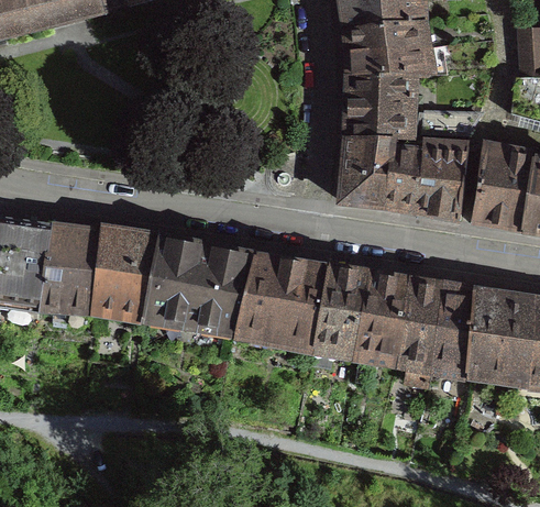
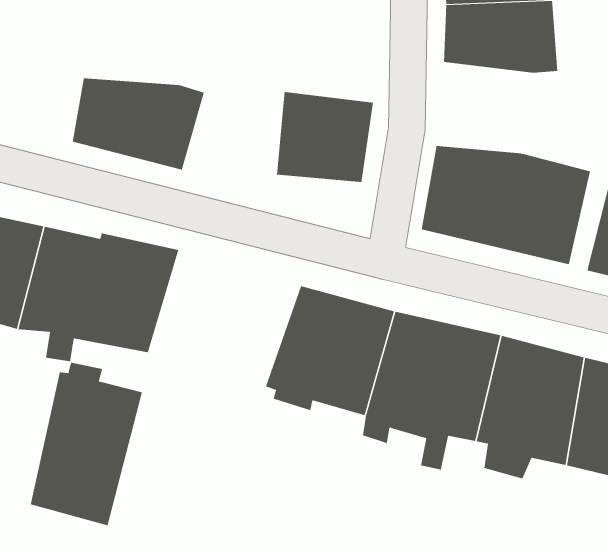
building: [346,73,416,136] -> [276,92,374,183]
building: none -> [72,77,205,171]
building: [142,233,253,331] -> none
building: none -> [30,362,143,526]

